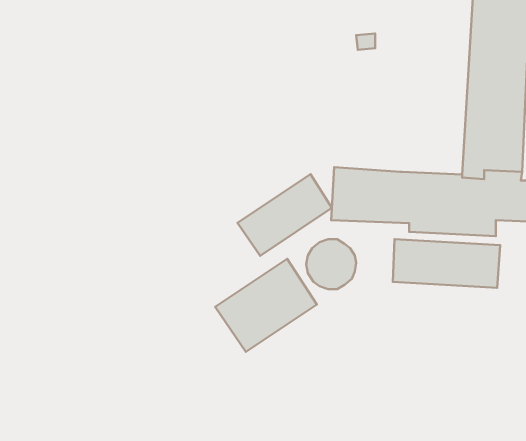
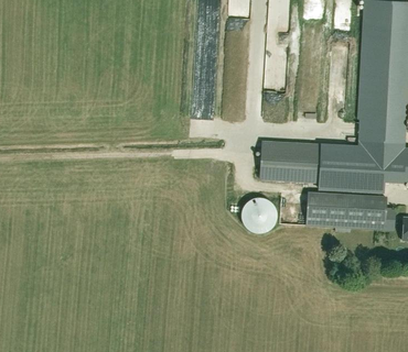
building: [238,174,332,256] -> none
building: [215,259,317,352] -> none

